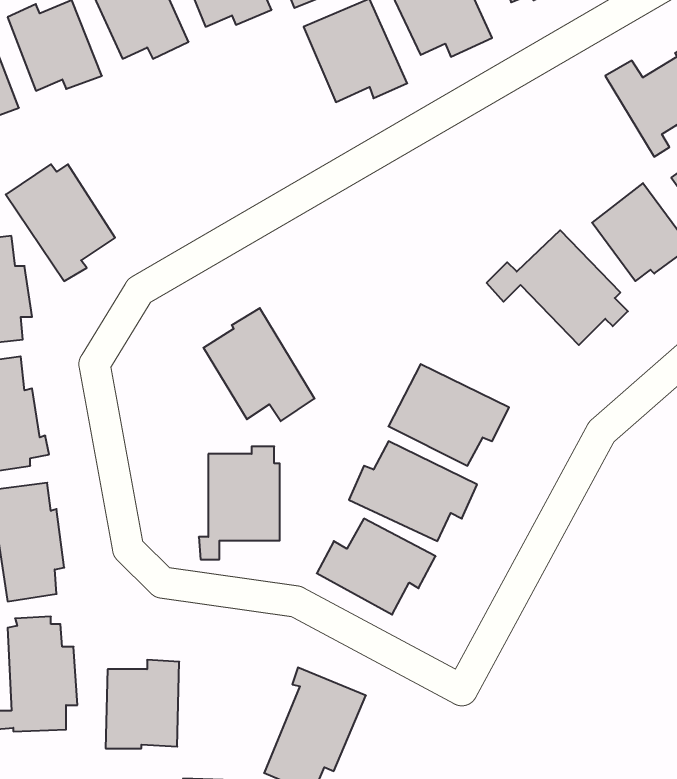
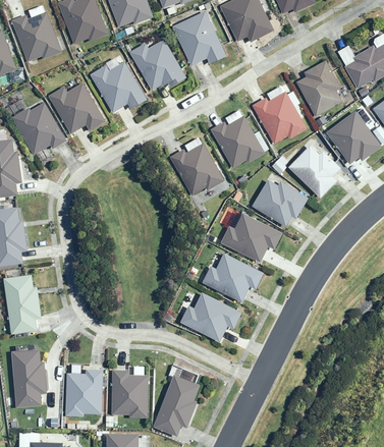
building: none -> [127,38,187,91]
building: none -> [293,59,342,125]
building: none -> [89,61,147,119]
building: none -> [46,79,107,139]
building: none -> [251,85,307,144]
building: none -> [209,108,267,168]
building: none -> [252,170,306,226]
building: [203,308,315,421] -> [169,135,229,197]
building: [199,446,280,559] -> [105,366,149,427]

